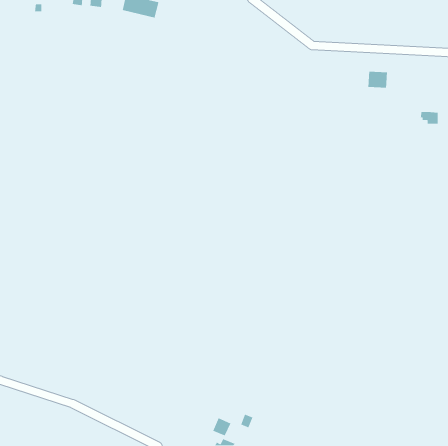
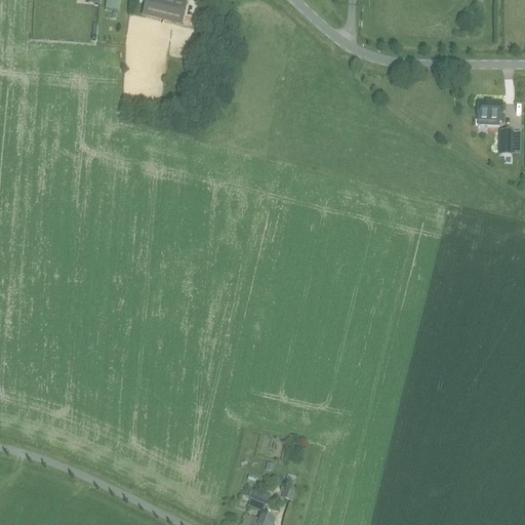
building: [368,71,388,88] -> [478,100,501,121]

